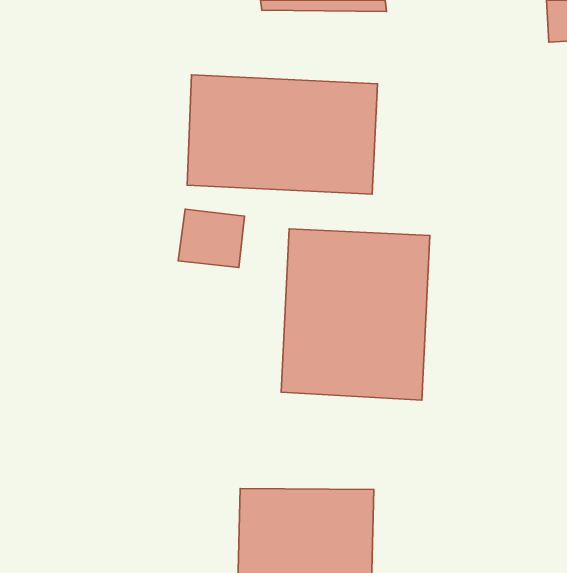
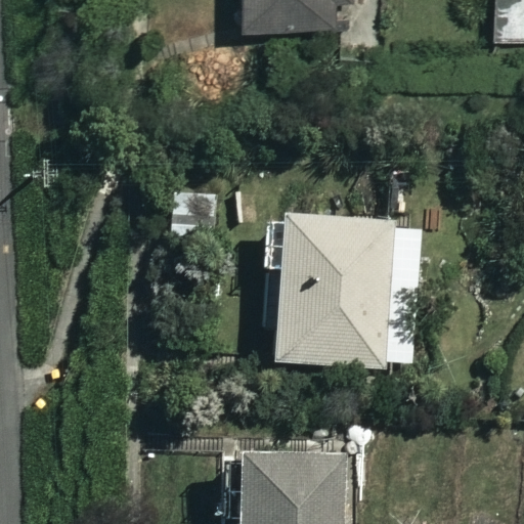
building: [187,75,378,194] -> none

